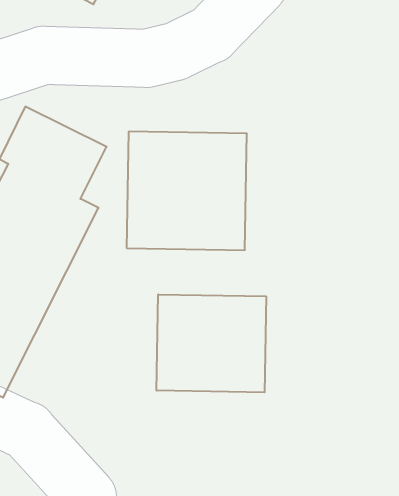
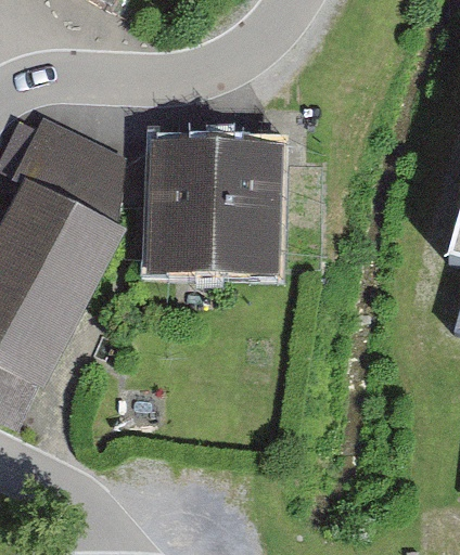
building: [157,294,266,392] -> none

